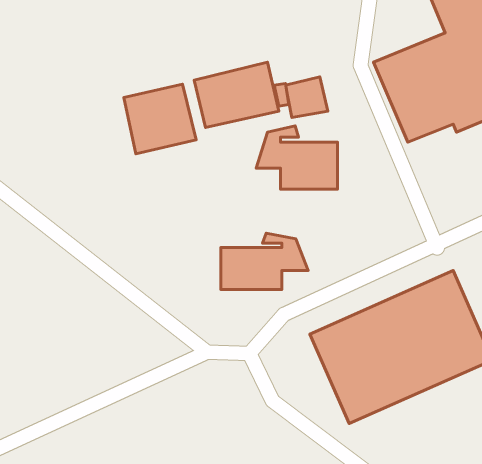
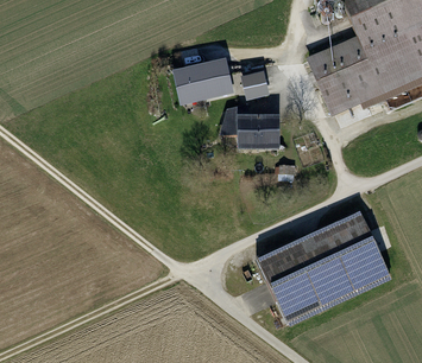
building: [124,84,196,154] -> none
building: [221,233,308,289] -> none

